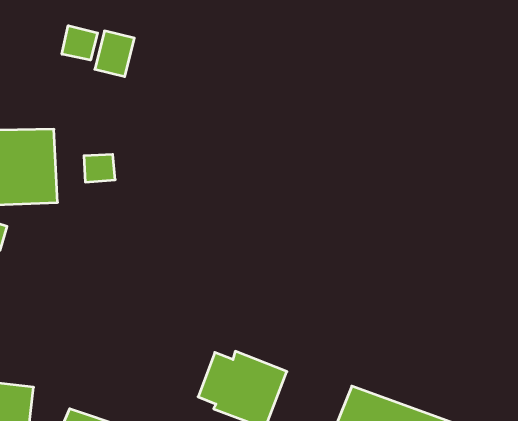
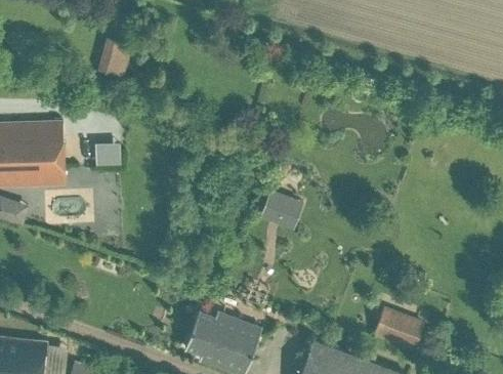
building: [62,26,98,60] -> none
building: none -> [254,189,295,225]
building: none -> [373,308,422,348]

